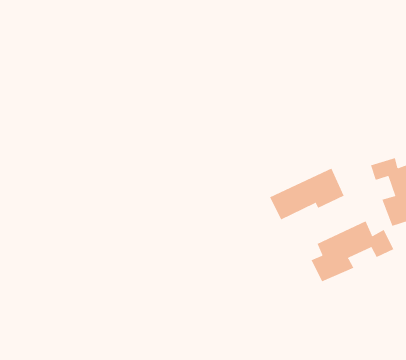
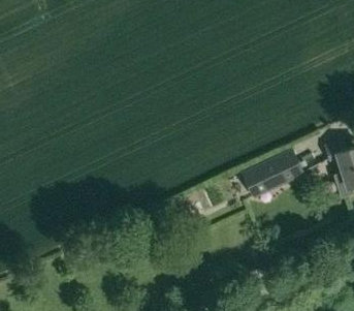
building: [311,221,394,282] -> none

